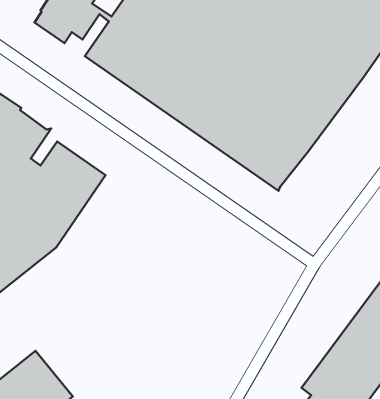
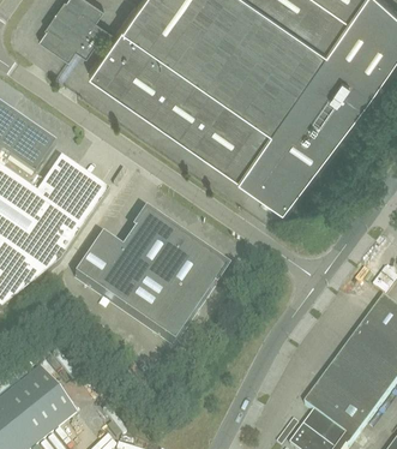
building: none -> [74,210,227,342]

